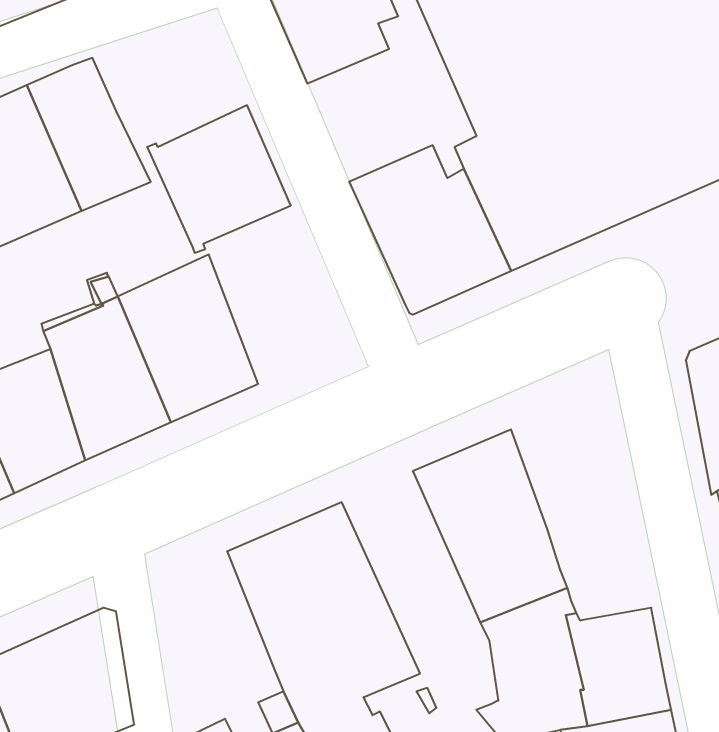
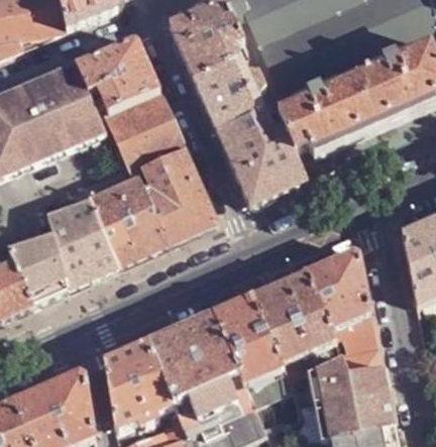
building: none -> [74,38,159,113]
building: none -> [193,59,264,132]
building: none -> [135,145,215,244]
building: none -> [306,248,384,375]
building: none -> [212,293,299,422]
building: none -> [102,337,175,428]

